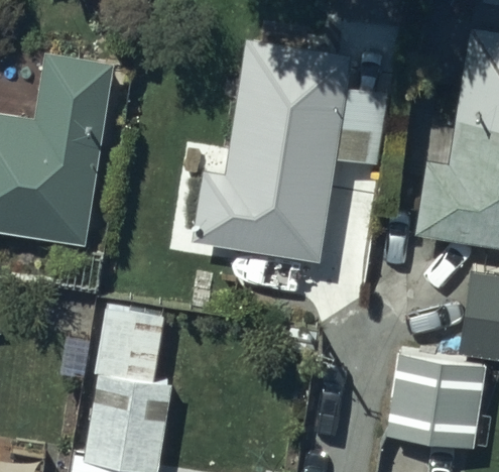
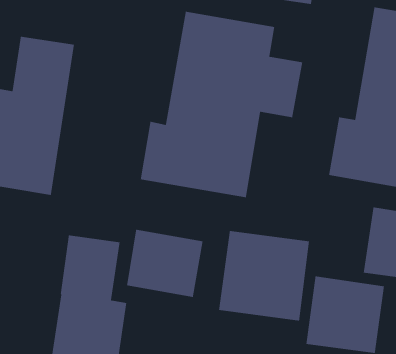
building: none -> [126,229,204,298]
building: none -> [218,230,310,321]

